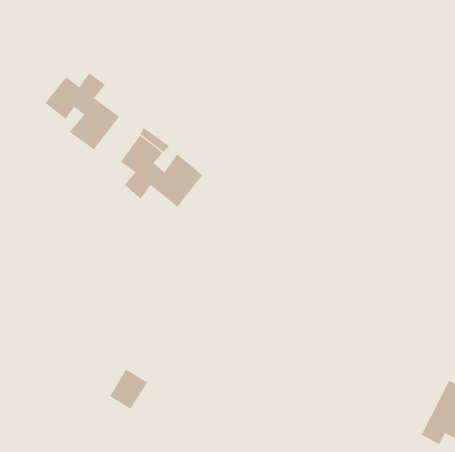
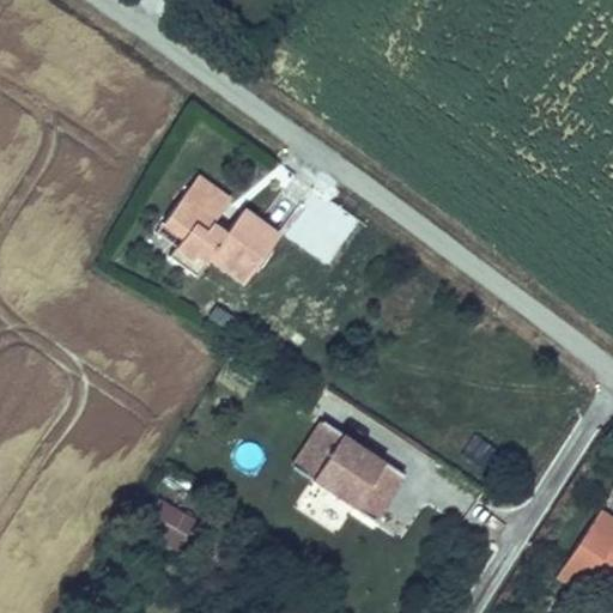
building: [45,73,120,150] -> none
building: none -> [295,425,406,523]

